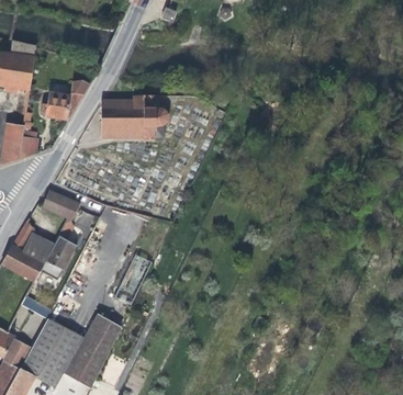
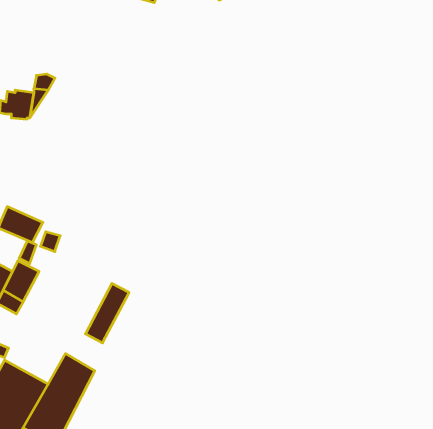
building: [101,95,168,140] -> none

